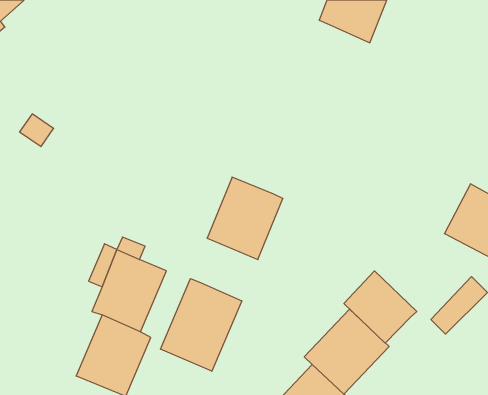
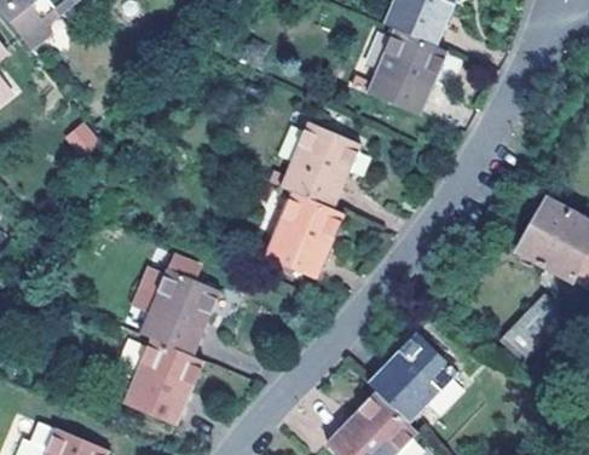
building: none -> [365,27,447,116]
building: none -> [279,121,360,208]
building: [344,271,417,343] -> none
building: [161,279,242,371] -> none

